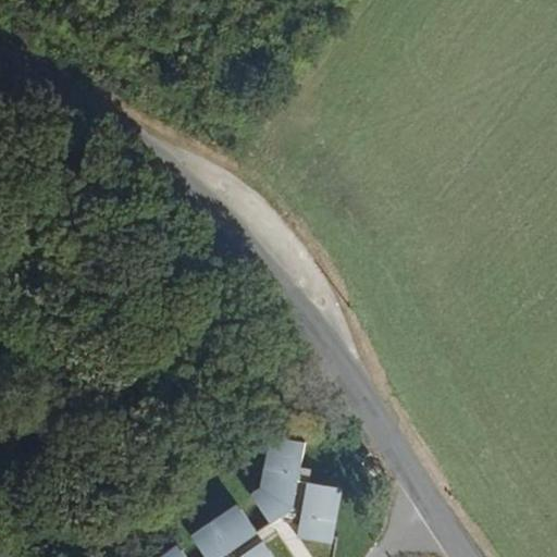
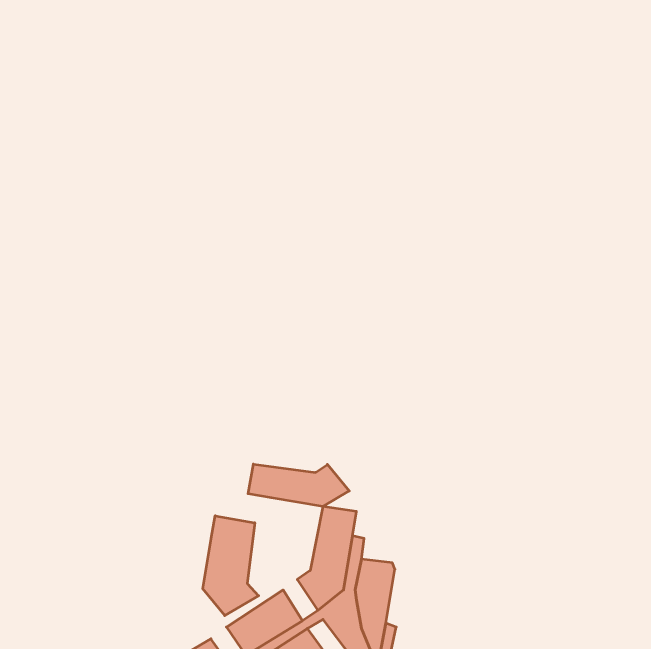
building: none -> [248,464,349,506]
building: none -> [203,516,259,616]

